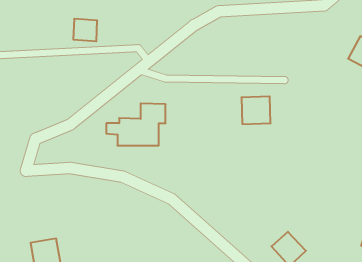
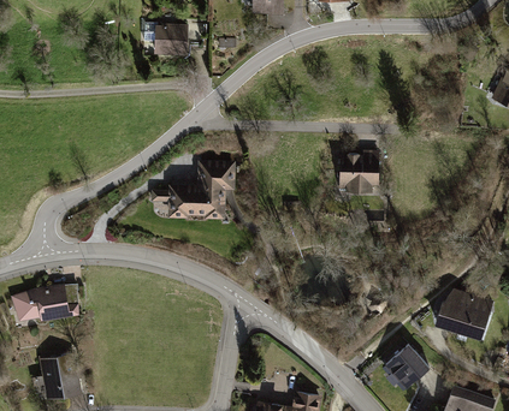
building: [73,19,97,41] -> [154,24,188,55]
building: none -> [17,281,81,321]
building: none -> [434,288,492,340]

